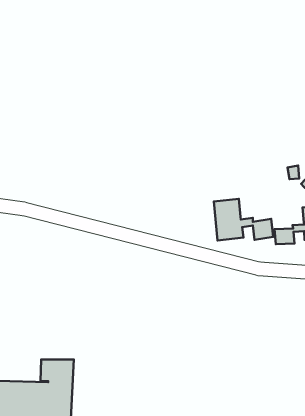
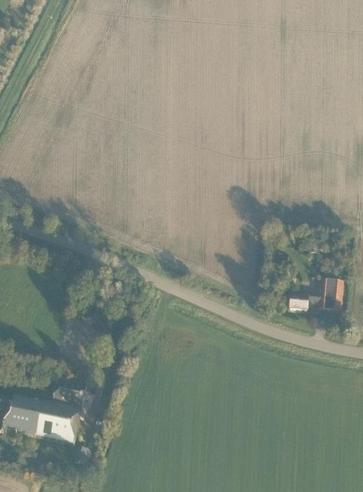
building: [214,199,273,240] -> none

